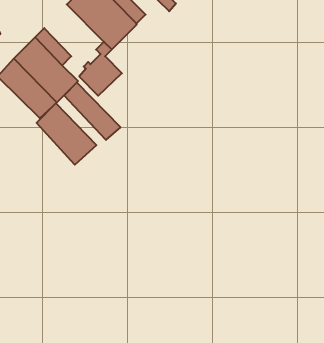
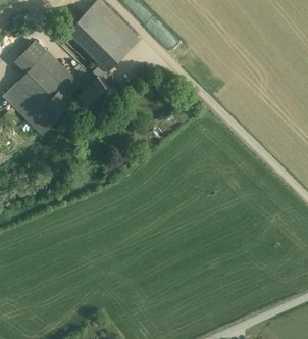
building: none -> [17,41,46,68]
building: [64,82,120,140] -> none
building: [37,103,96,165] -> none

